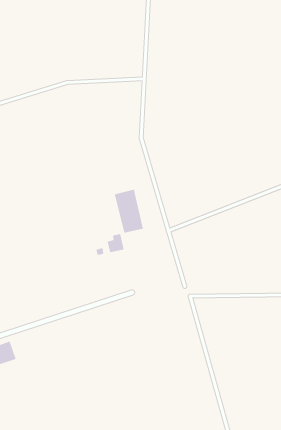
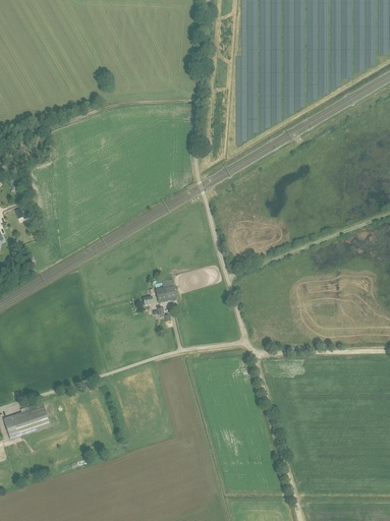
building: [114,189,144,233] -> none

